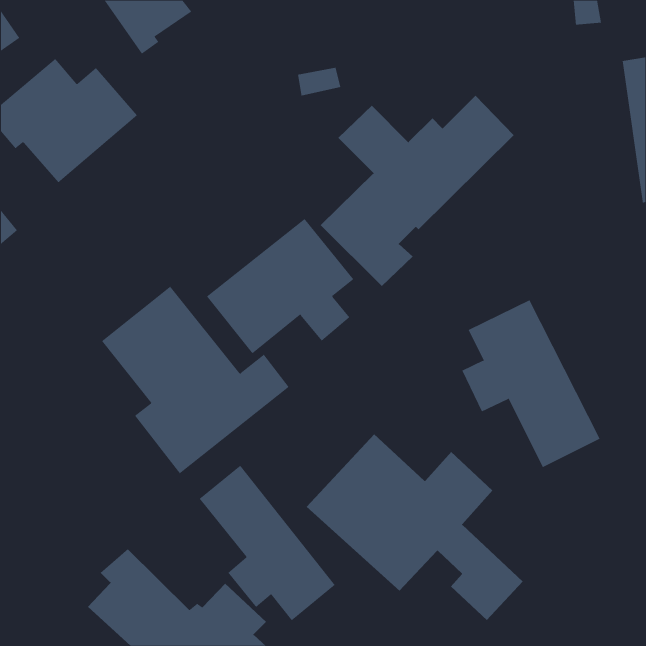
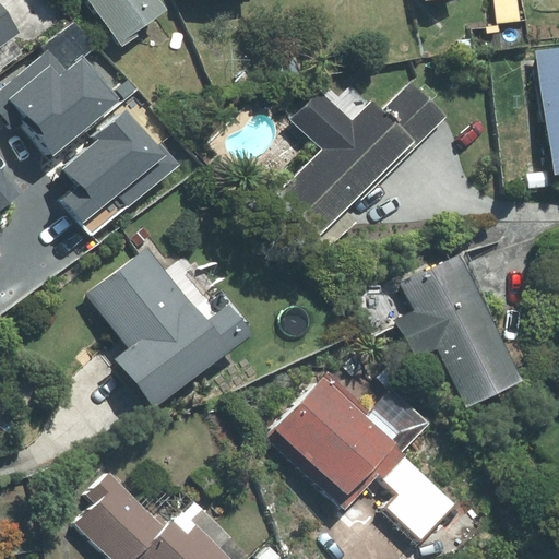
building: none -> [61,109,179,225]
building: [206,218,354,354] -> none
building: [199,465,336,621] -> none

